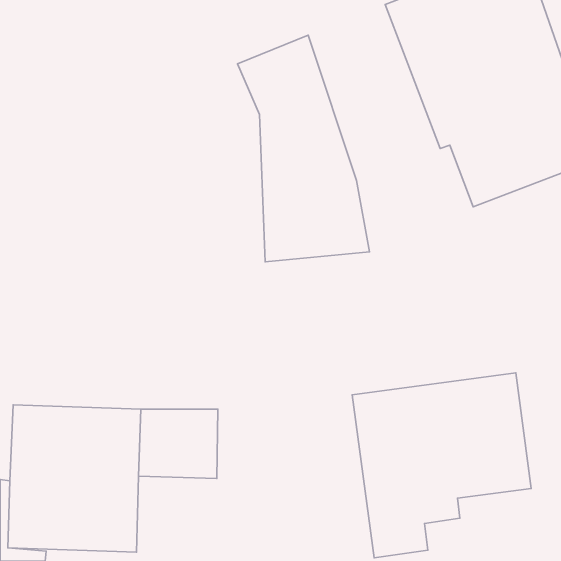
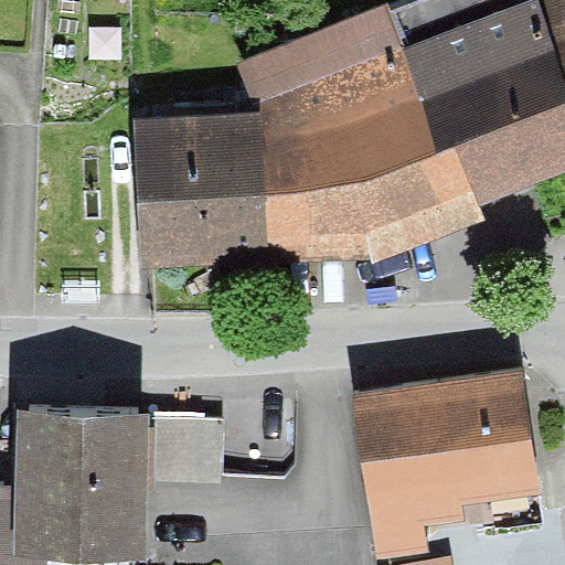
building: none -> [310,4,483,263]
building: none -> [135,115,267,267]

